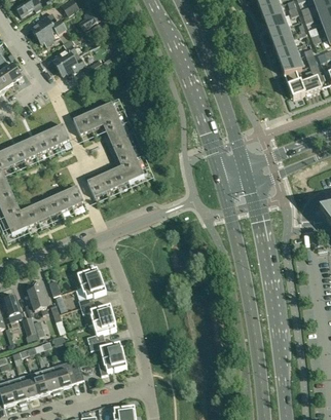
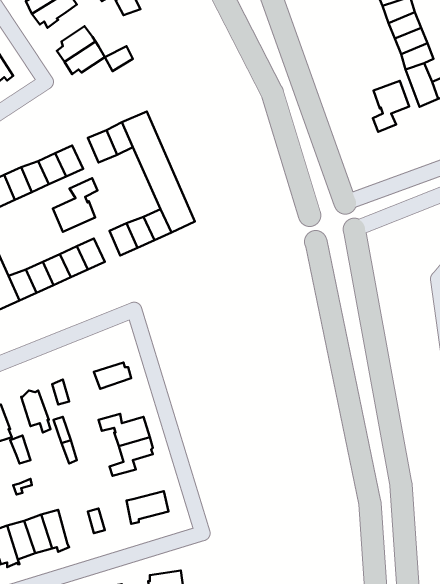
building: none -> [373,81,409,132]
building: none -> [53,178,98,232]
building: [78,277,106,305] -> none
building: [89,338,123,357] -> none
building: [53,359,75,387] -> none

